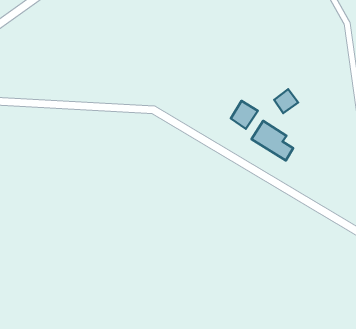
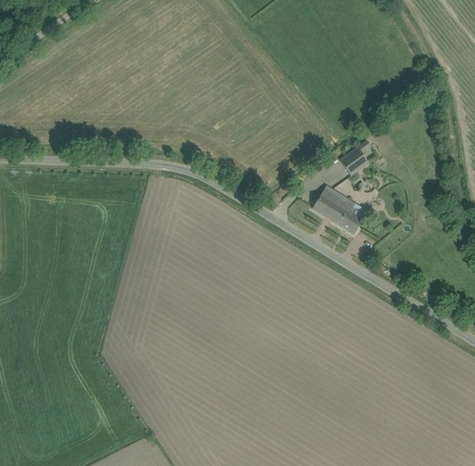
building: [231,101,258,129] -> none

